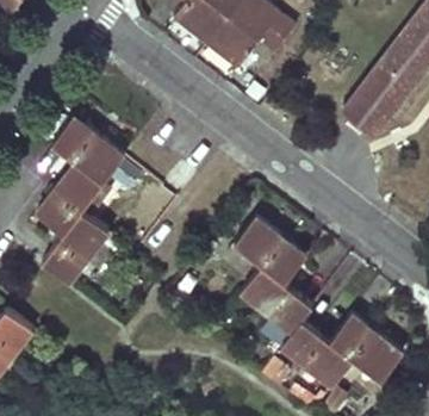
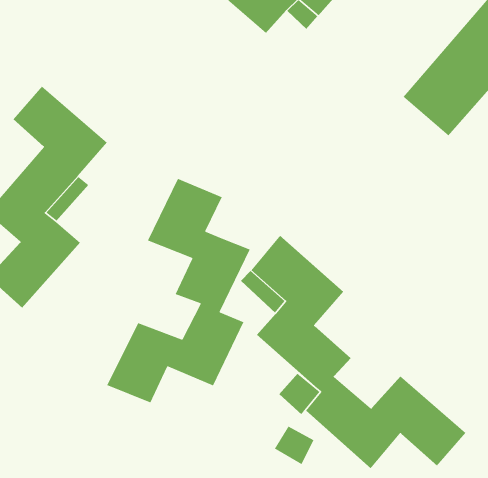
building: none -> [106,178,251,403]

